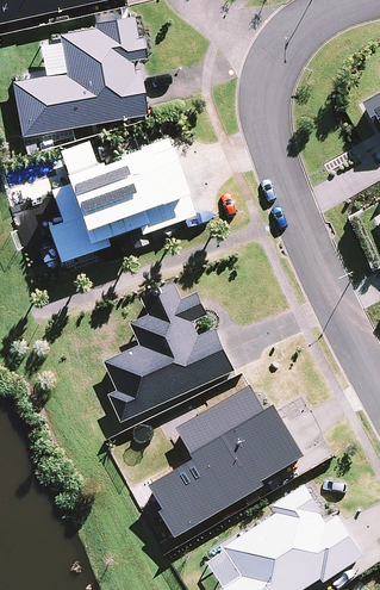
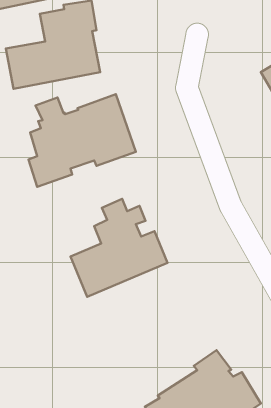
building: [149,386,303,539] -> none

